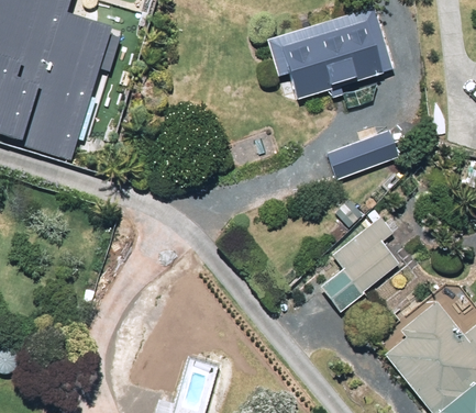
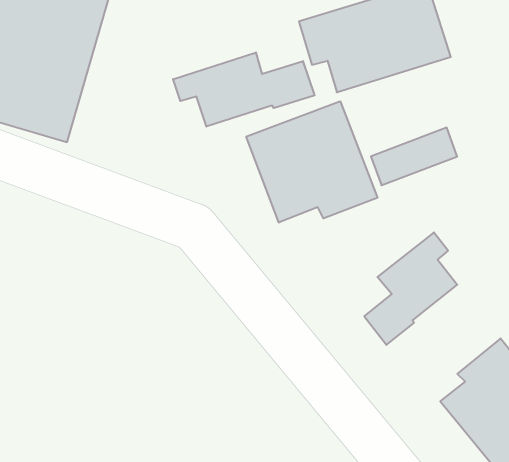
building: none -> [173,52,315,127]
building: none -> [246,101,377,223]

